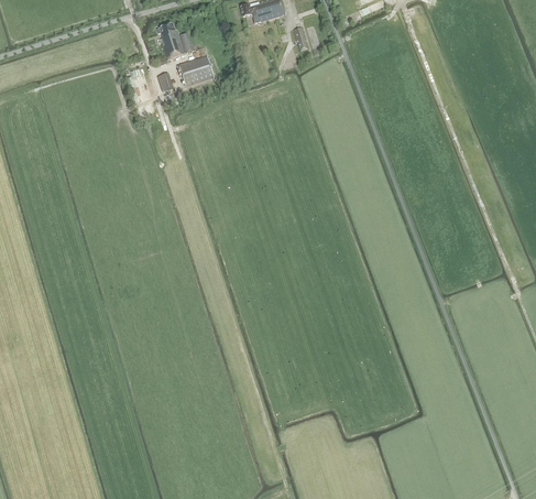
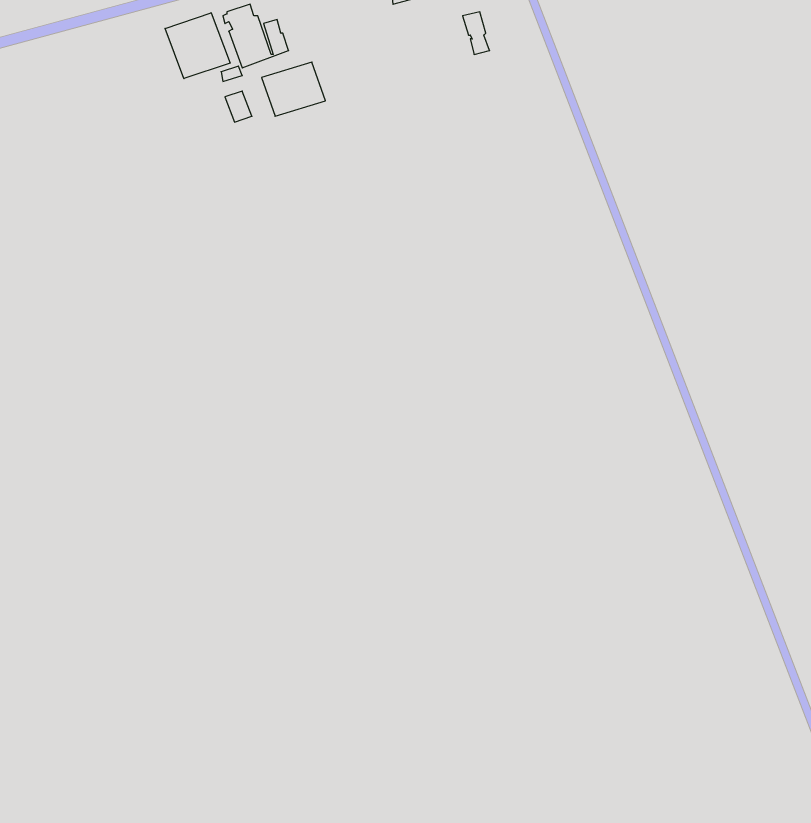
building: none -> [165,13,230,79]

